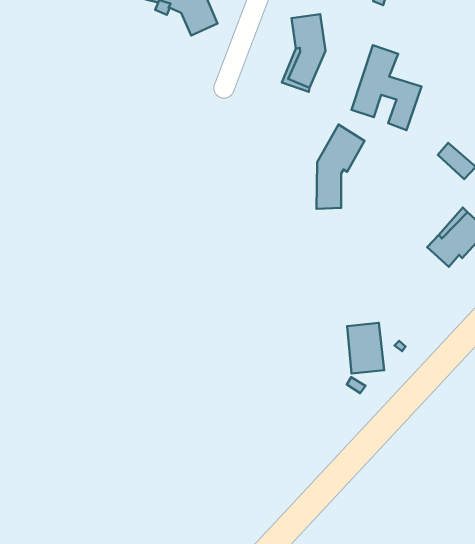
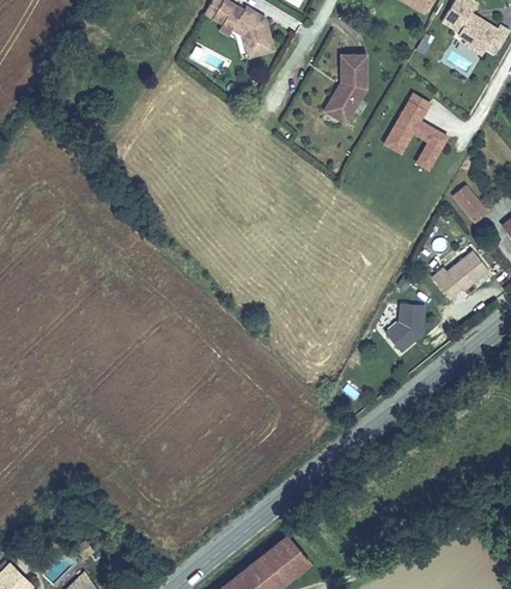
building: [317,125,364,209] -> none
building: [347,323,384,374] -> [393,302,424,346]

